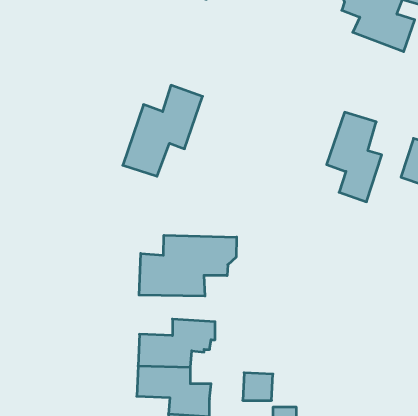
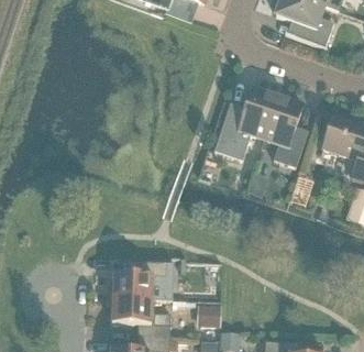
building: [123,85,203,176] -> [214,87,278,160]
building: [139,235,237,296] -> none

